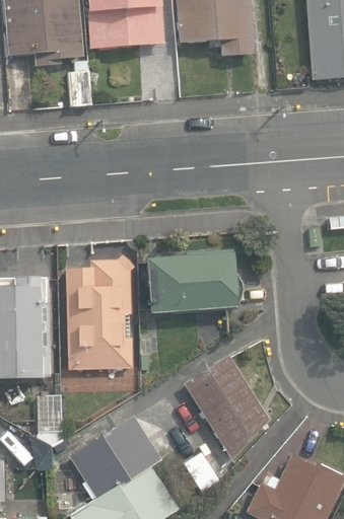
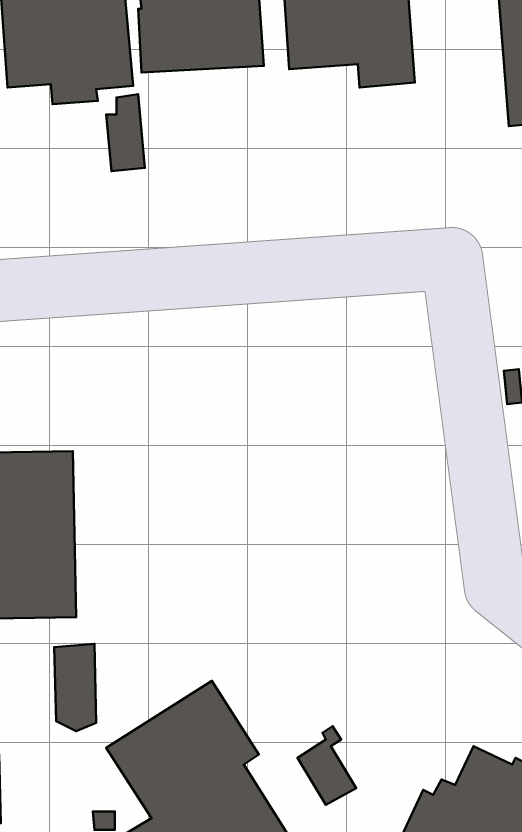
building: [144,252,236,313] -> none
building: [63,255,134,370] -> none
building: [184,356,268,459] -> none

